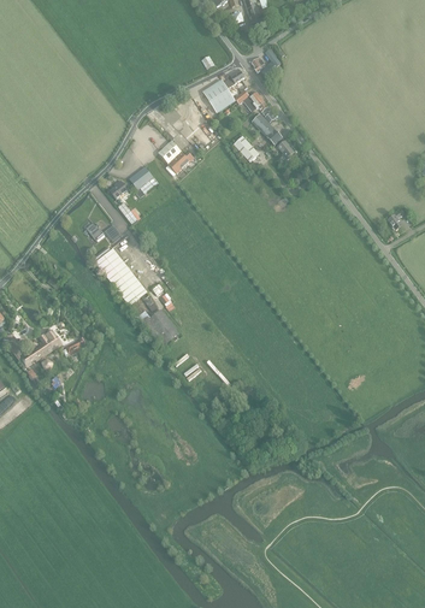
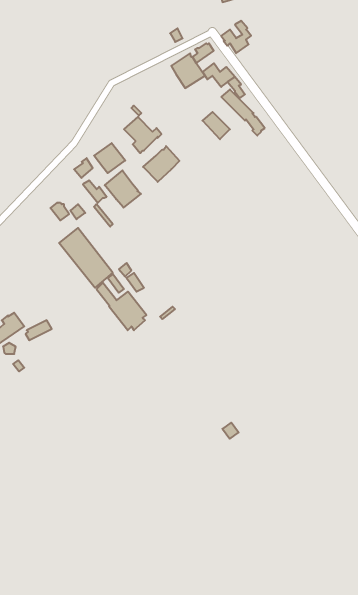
building: none -> [143,146,179,182]
building: none -> [105,170,141,208]

